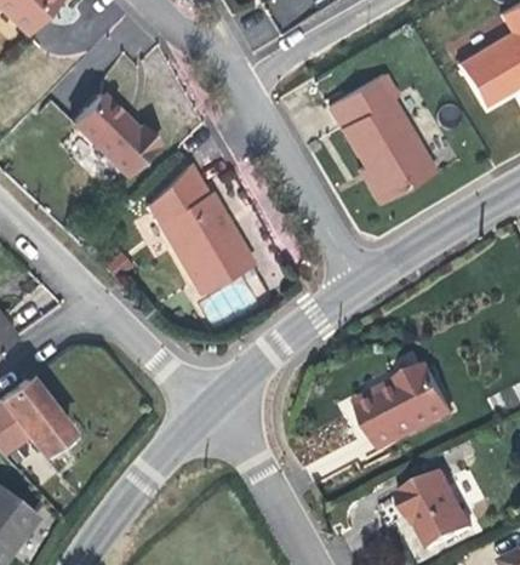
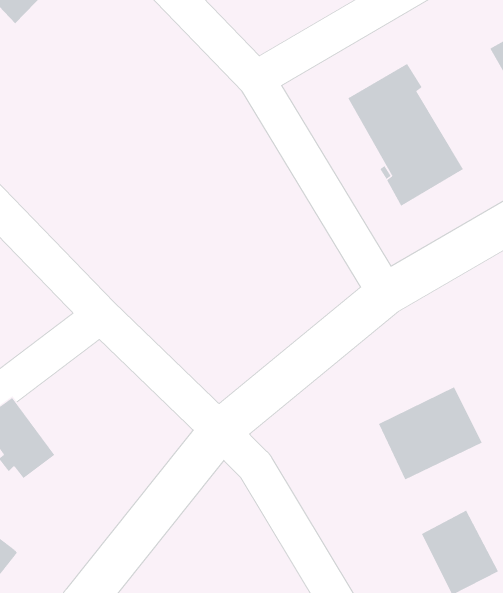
building: [80,98,164,179] -> none
building: [155,170,256,302] -> none

